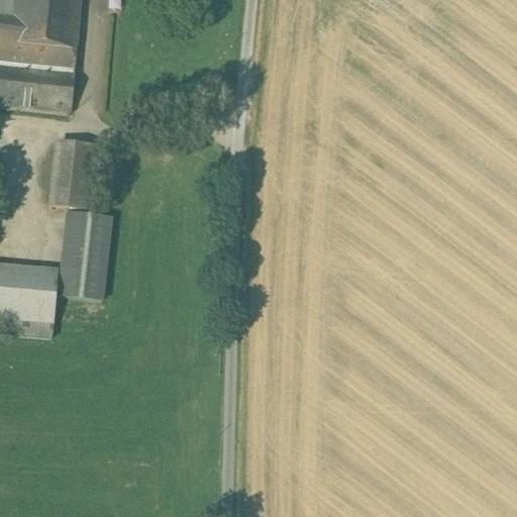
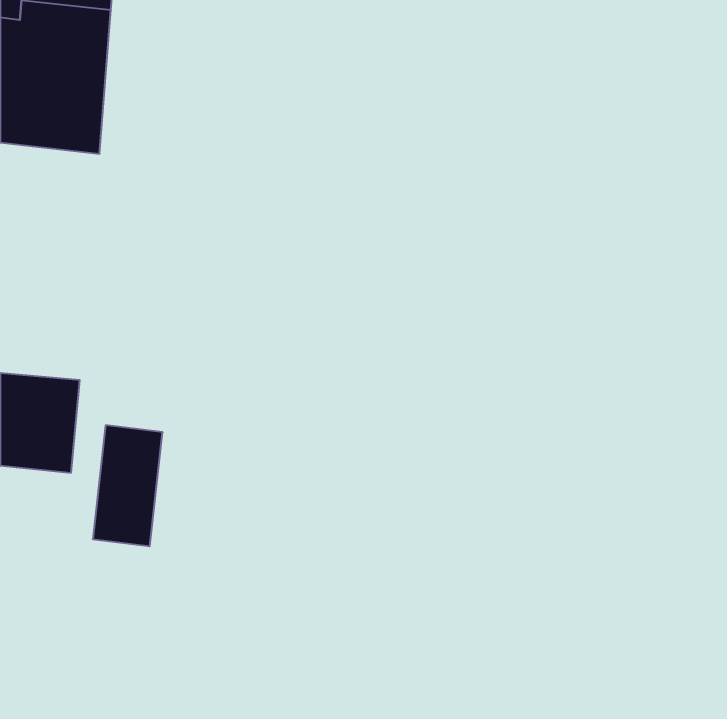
building: [50,140,91,206] -> none
building: [61,212,110,298] -> [93,425,163,546]

